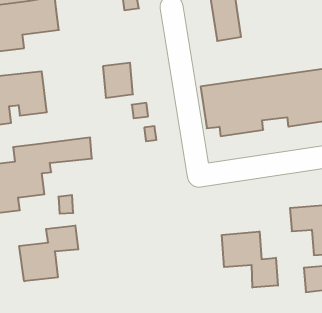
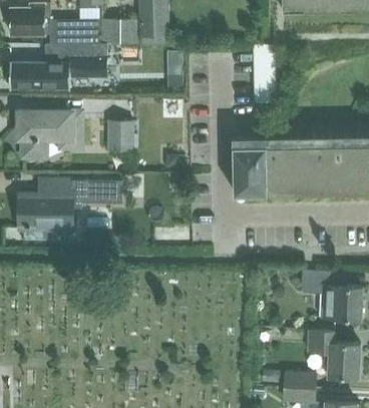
building: [103,63,133,98] -> [106,119,133,149]
building: [19,225,78,281] -> none
building: [222,231,278,288] -> none

